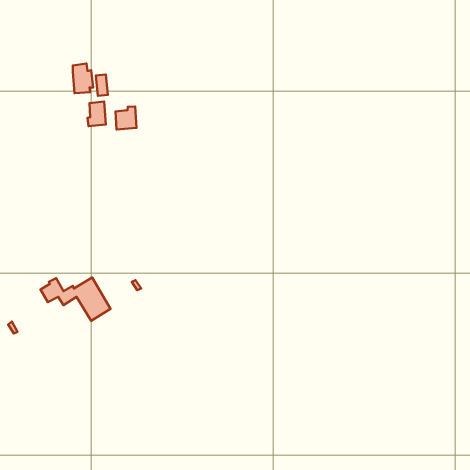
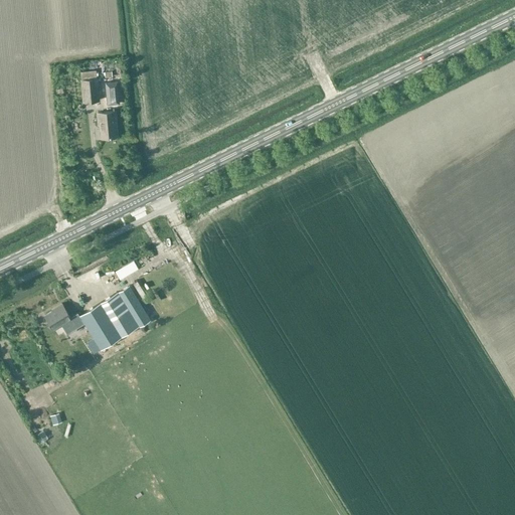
building: [116,106,137,129] -> none
building: none -> [101,285,149,338]

